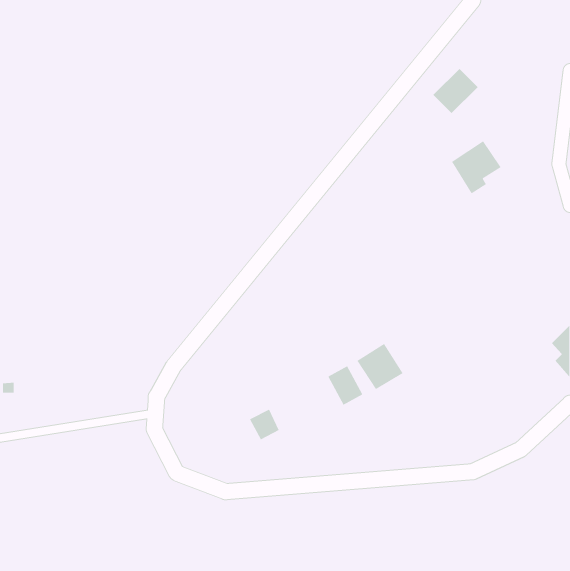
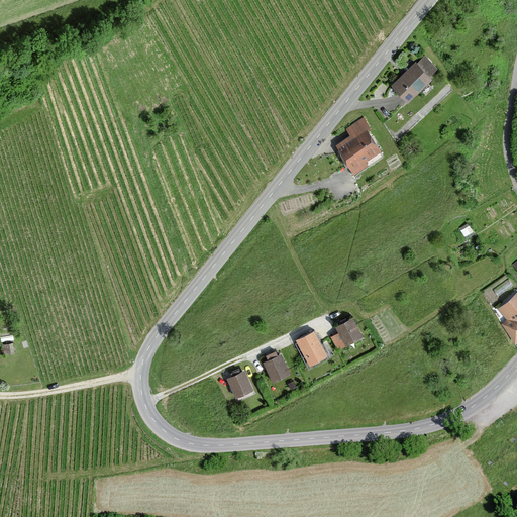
building: [451,140,501,194] -> [337,127,383,176]
building: none -> [262,353,290,382]

